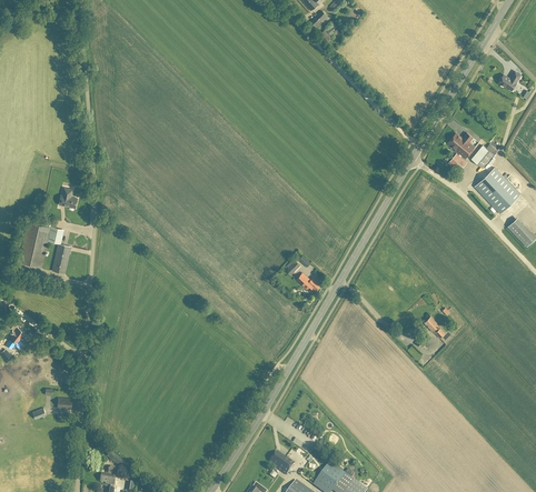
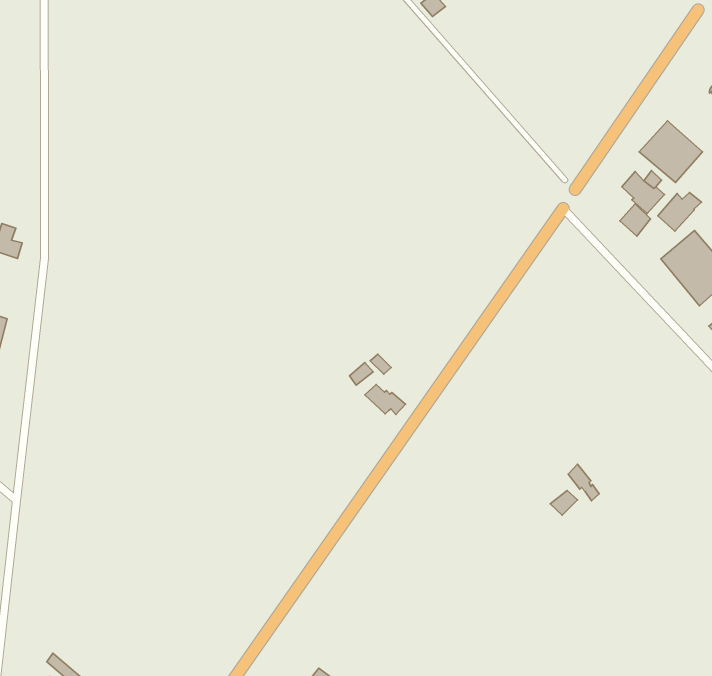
building: none -> [639,121,702,183]

